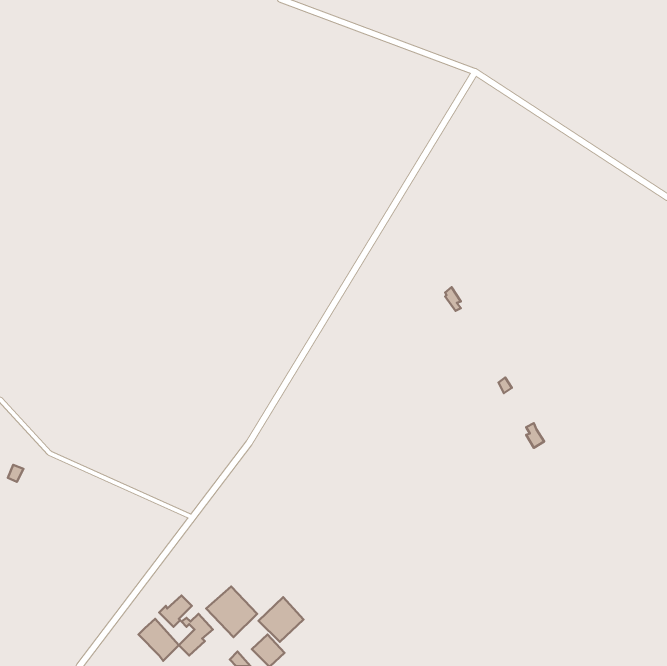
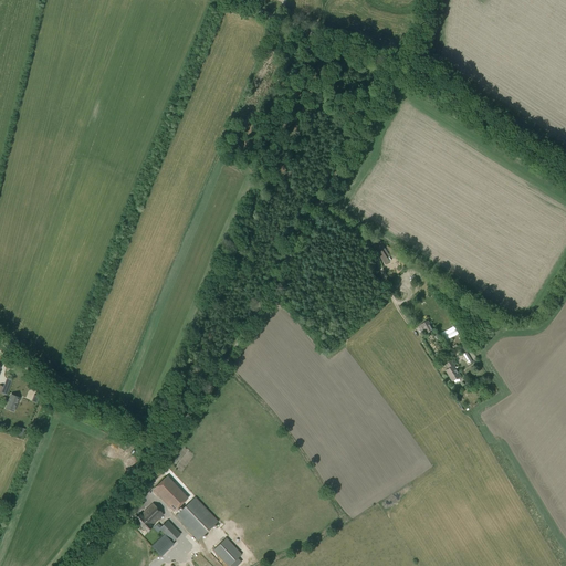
building: [258,597,303,642] -> none
building: [138,619,179,661] -> [153,475,187,511]

